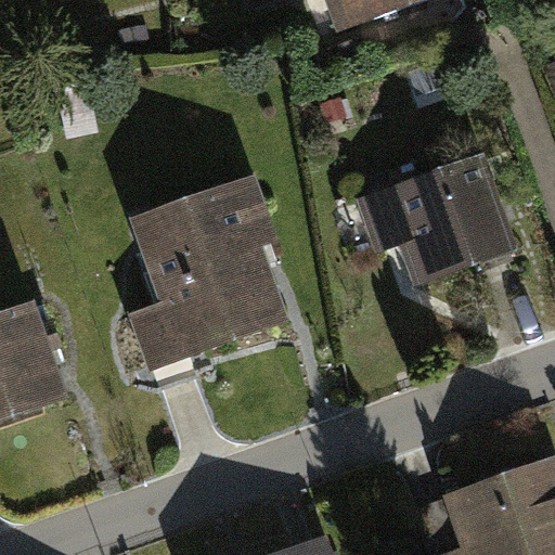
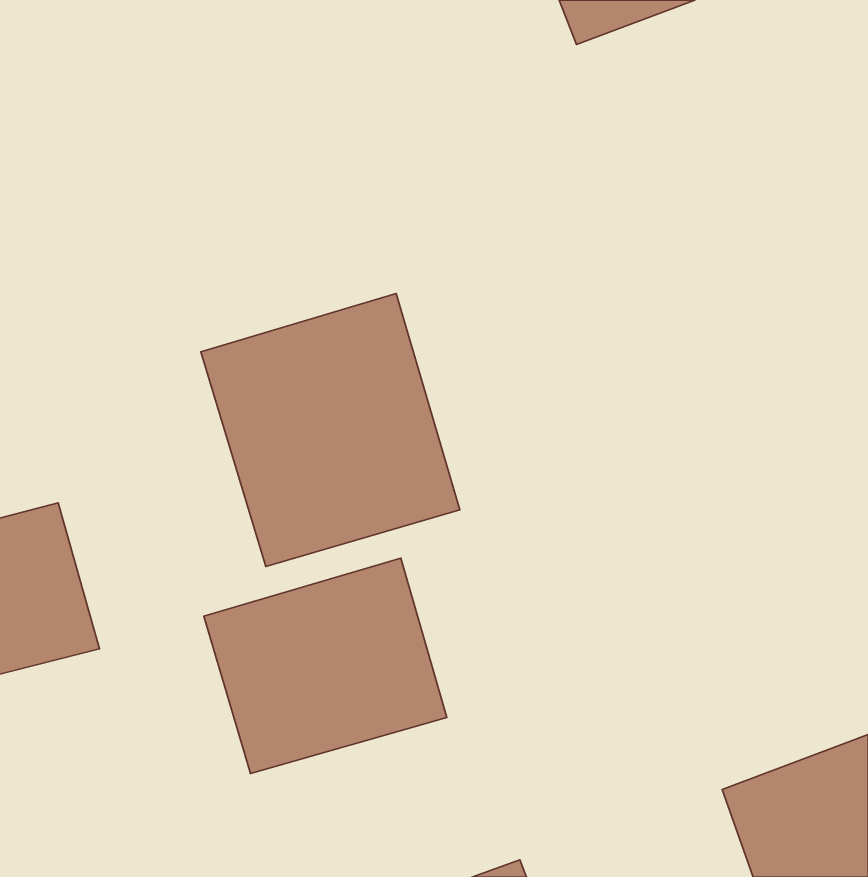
building: [356,147,514,276] -> none
building: none -> [204,558,447,773]

